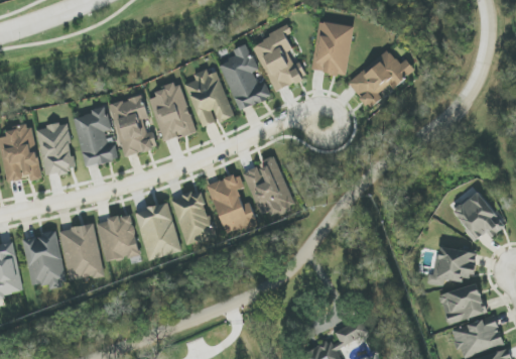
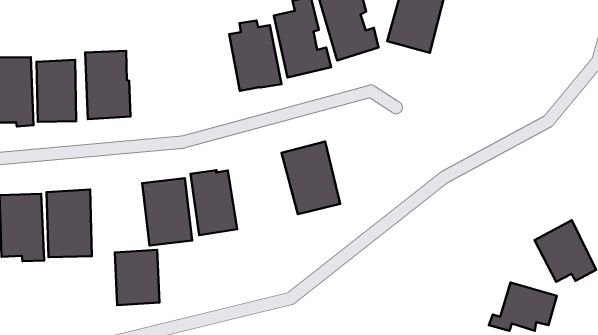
building: [347,49,413,109] -> none
building: [149,82,195,142] -> none
building: [110,96,153,156] -> none
building: [208,173,256,235] -> none
building: [97,214,138,262] -> [115,250,160,305]

